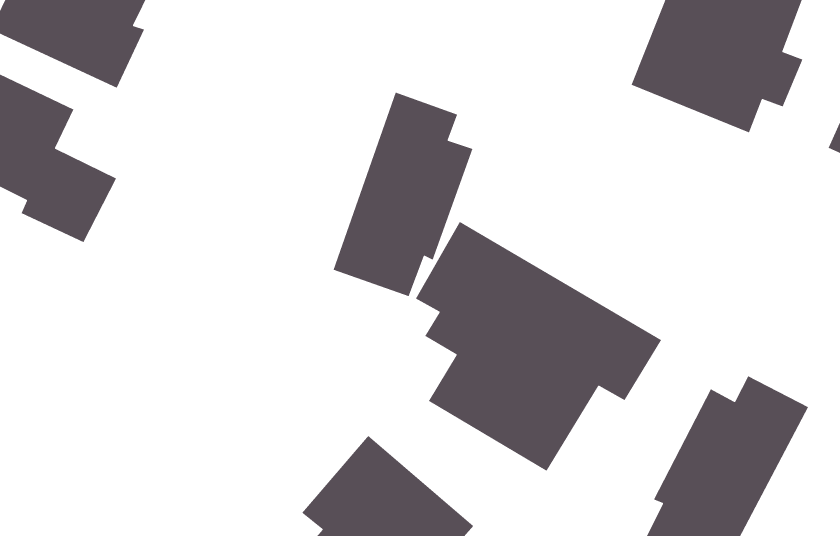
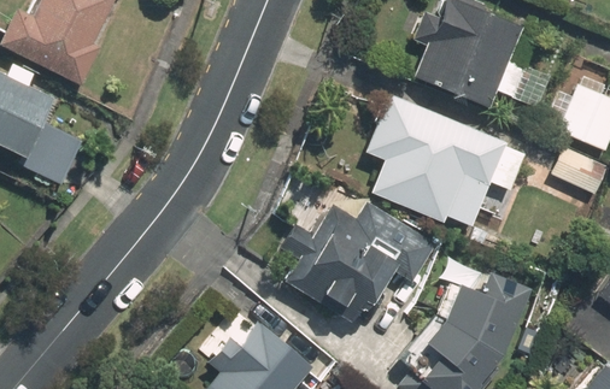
building: [332,91,474,297] -> none
building: none -> [368,99,532,234]

